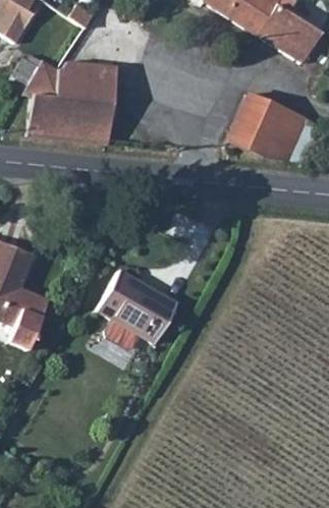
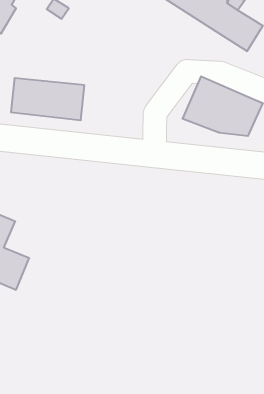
building: [22,56,116,102] -> none
building: [97,271,177,344] -> none

